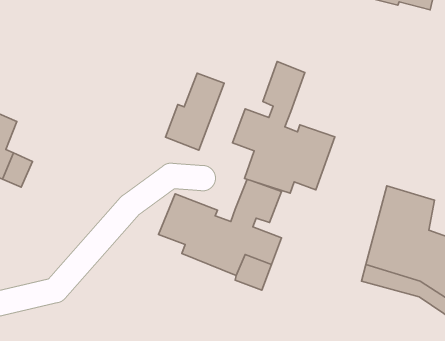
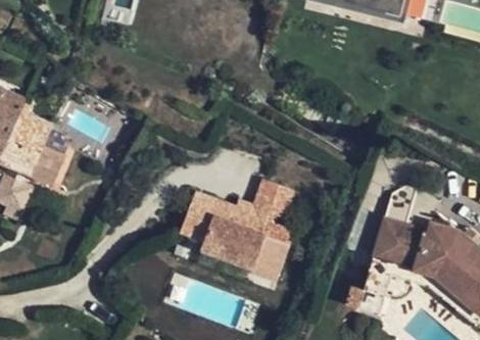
building: [233,61,335,193] -> none
building: [165,73,224,150] -> none

